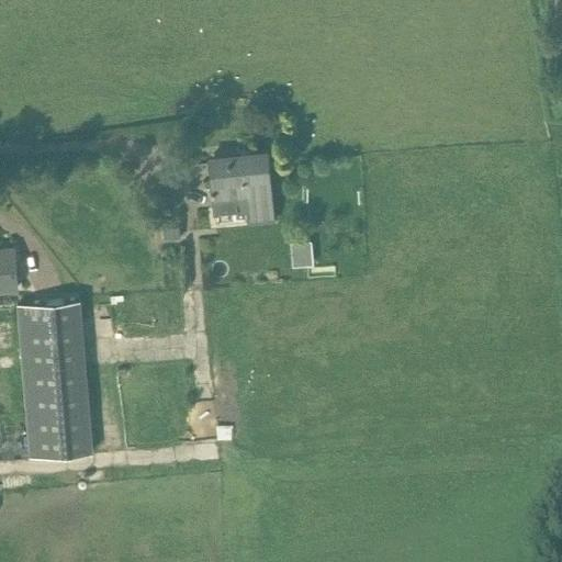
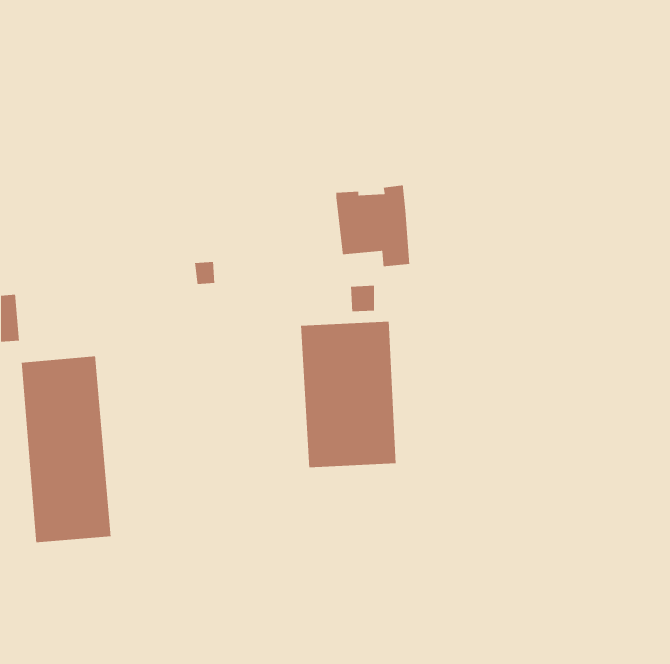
building: [210,155,272,224] -> [335,184,410,267]
building: none -> [300,321,396,468]

